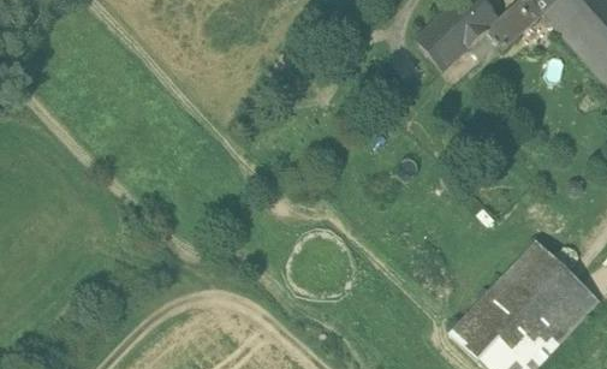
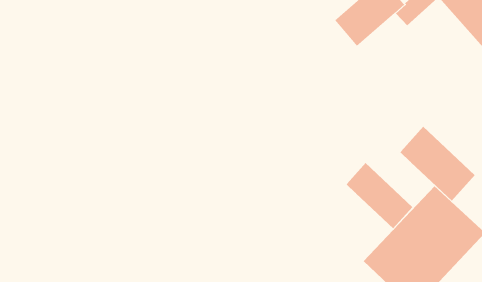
building: none -> [399,126,476,201]
building: none -> [346,162,413,229]

